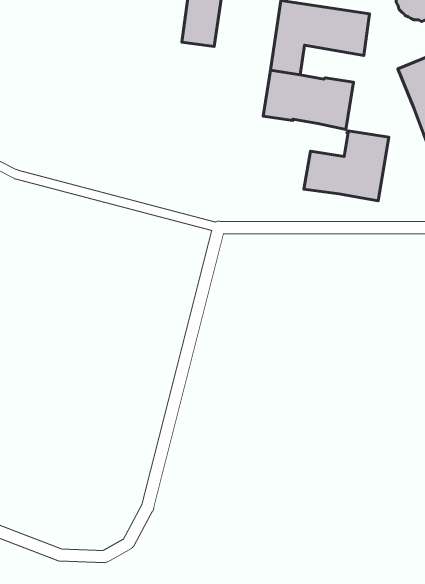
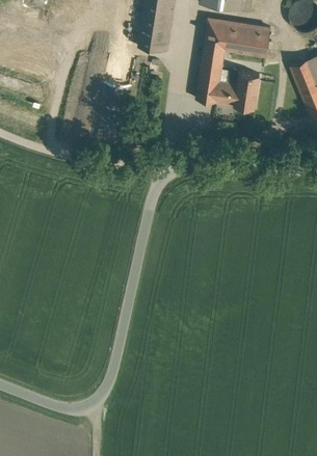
building: [304,131,389,201] -> none

